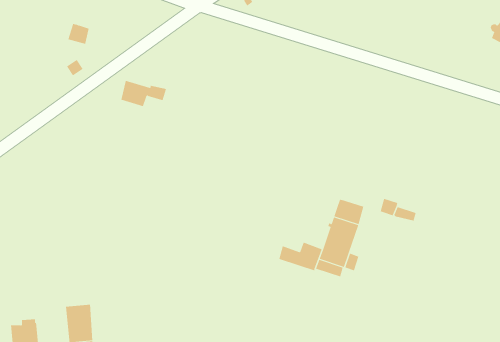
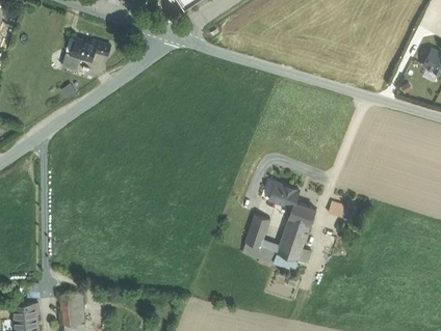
building: [120,80,167,107] -> [72,38,111,61]
building: none -> [269,183,300,209]
building: none -> [245,215,269,248]

